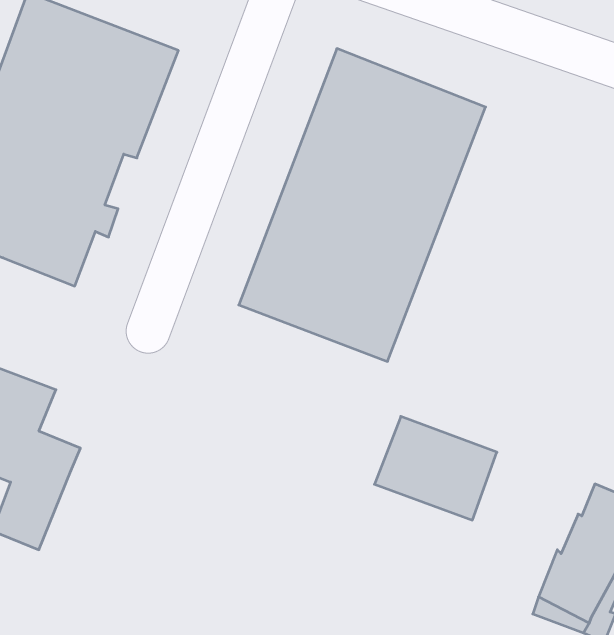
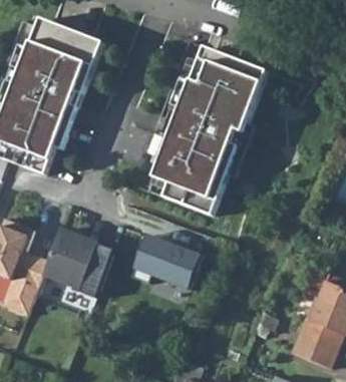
building: none -> [46,229,114,295]
building: [374,416,497,520] -> [135,235,201,290]

